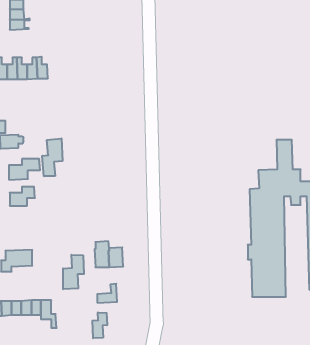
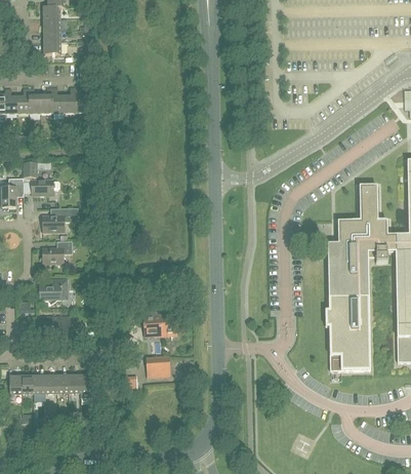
building: [42,138,62,176] -> none
building: none -> [40,276,67,302]
building: [63,255,84,289] -> none
building: [92,312,107,338] -> none

